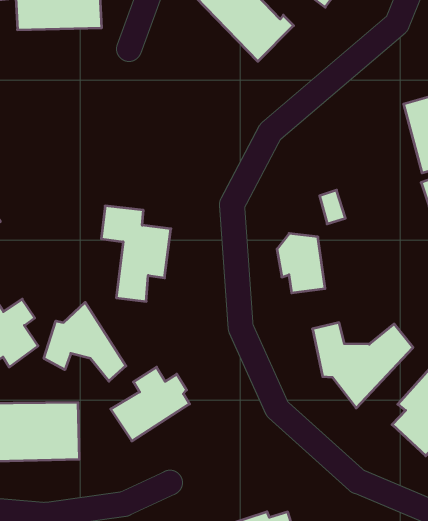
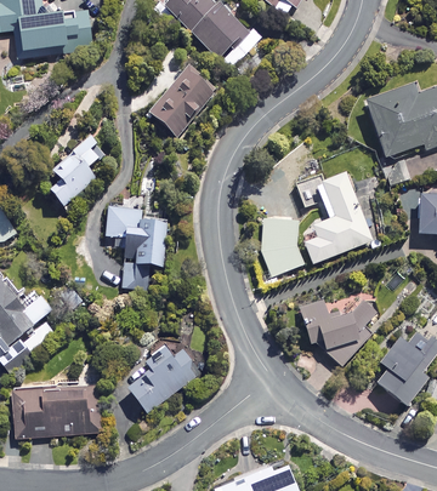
building: none -> [148,67,218,137]
building: none -> [50,135,98,205]
building: none -> [305,170,373,263]
building: [44,302,126,381] -> none

